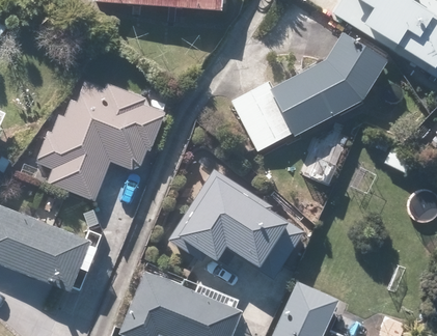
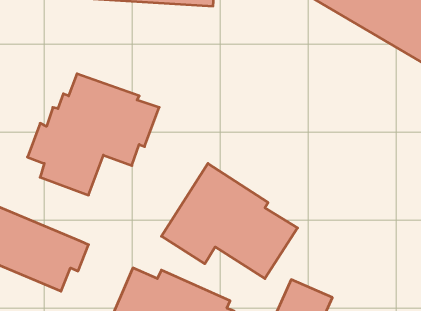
building: [237,38,384,146] -> none

